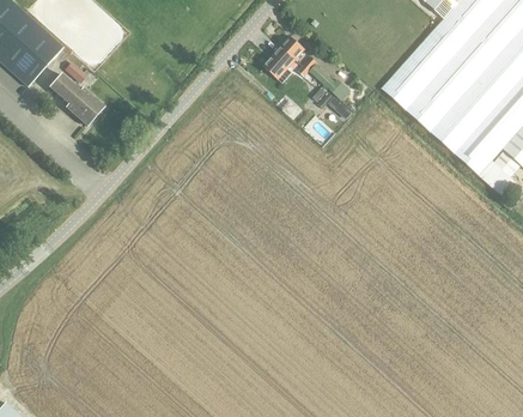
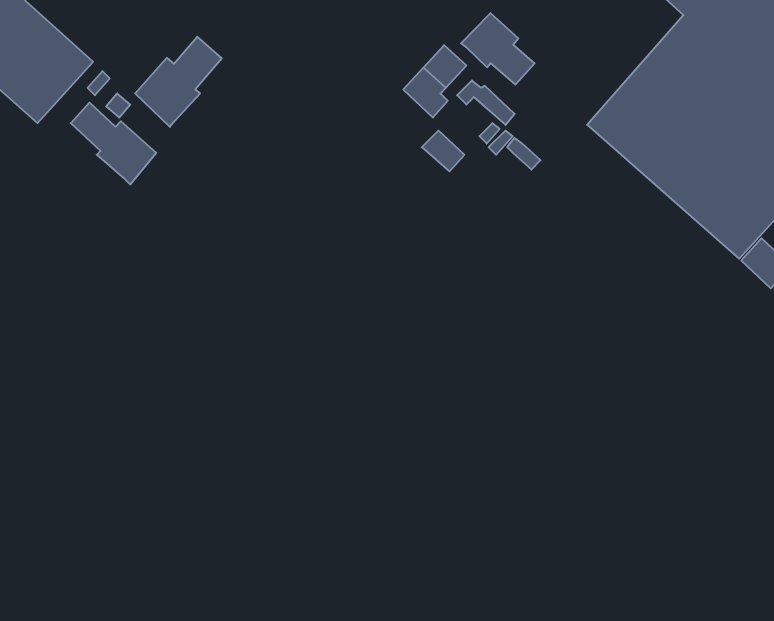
building: none -> [461,13,535,85]
building: none -> [135,37,222,127]

